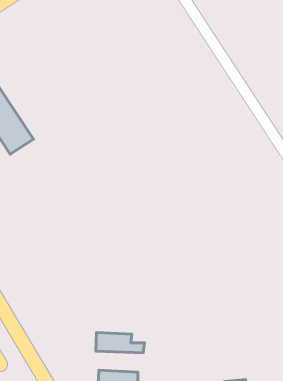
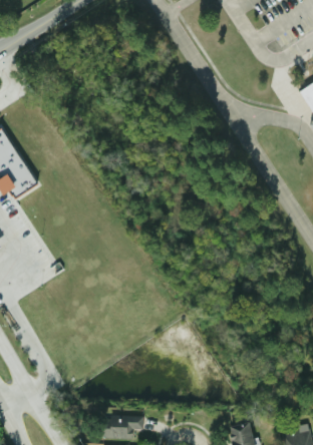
building: [96,333,144,353] -> none

